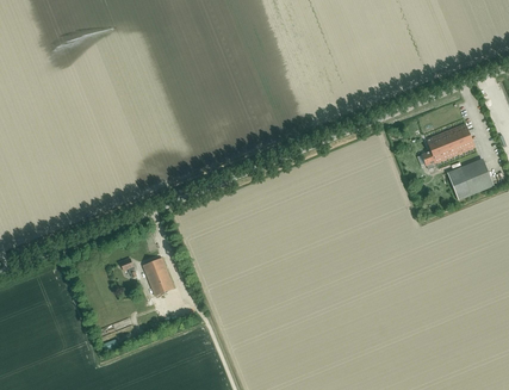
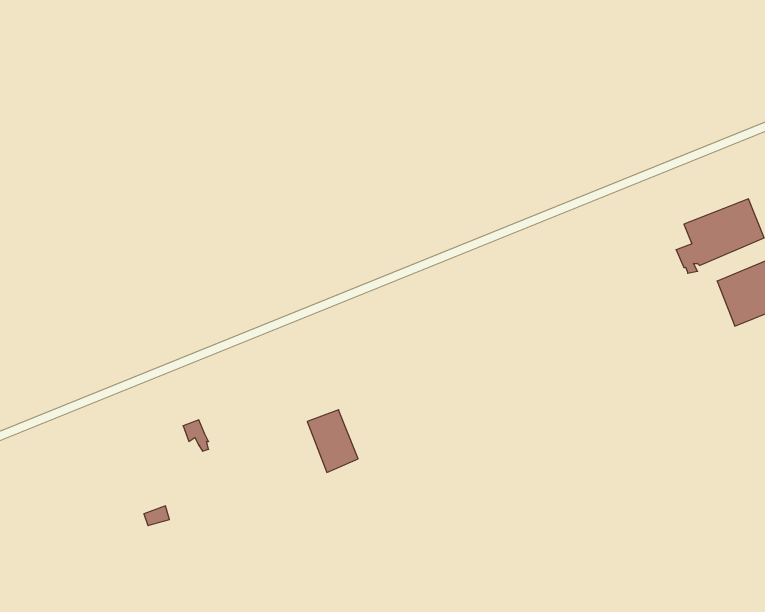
building: [143,258,174,296] -> [307,410,358,472]

